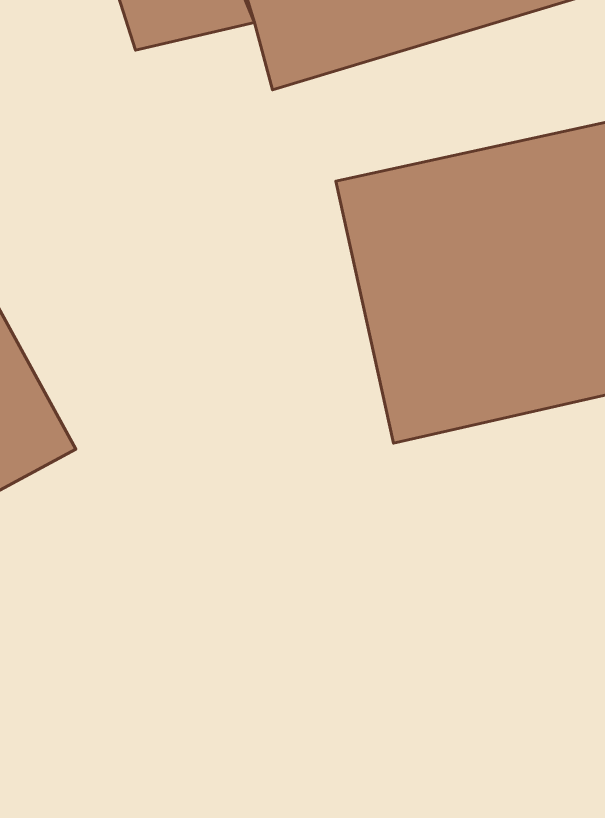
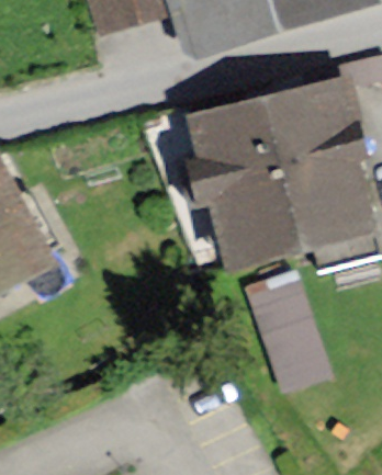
building: none -> [251,280,326,396]

